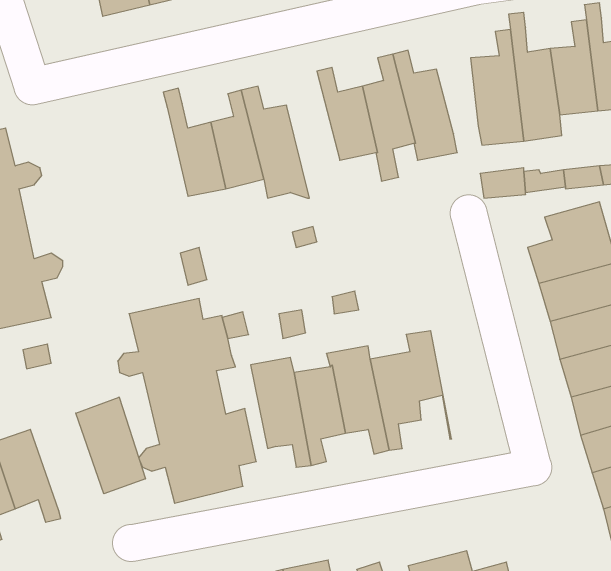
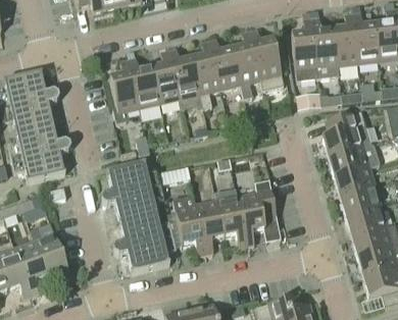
building: none -> [192,41,220,109]
building: none -> [109,60,139,123]
building: [76,397,145,494] -> none

